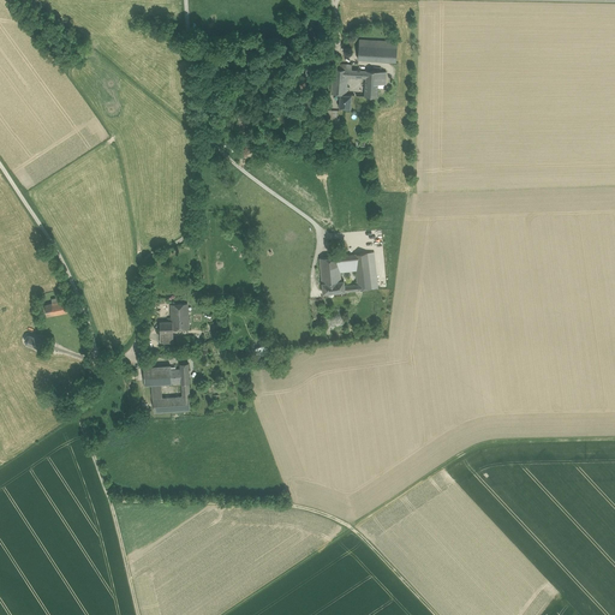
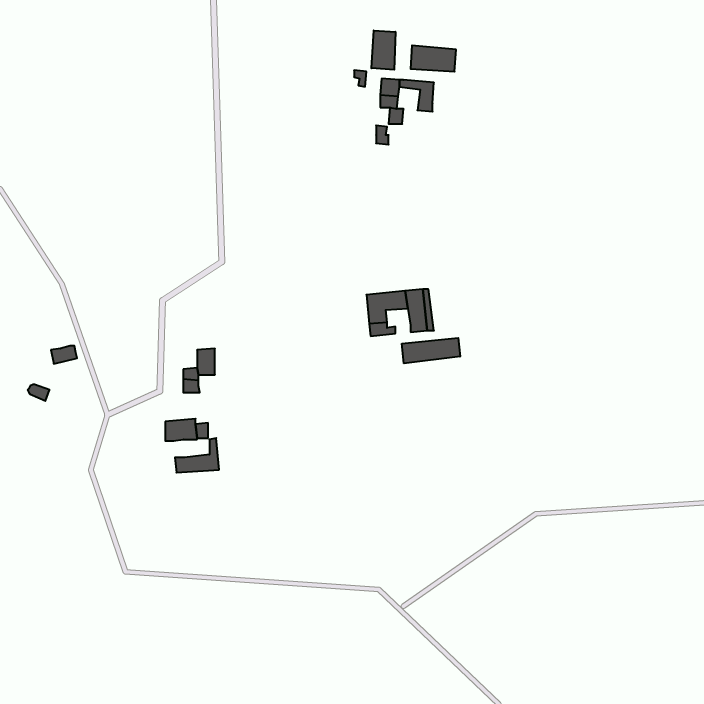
building: none -> [371,30,395,70]
building: none -> [402,338,460,363]

